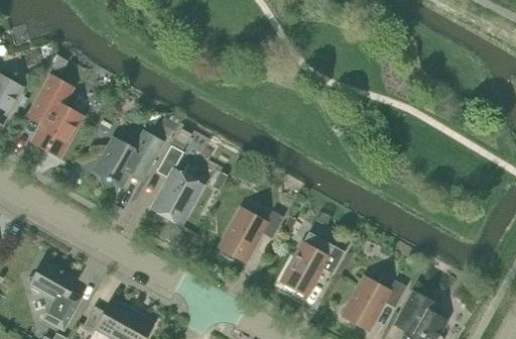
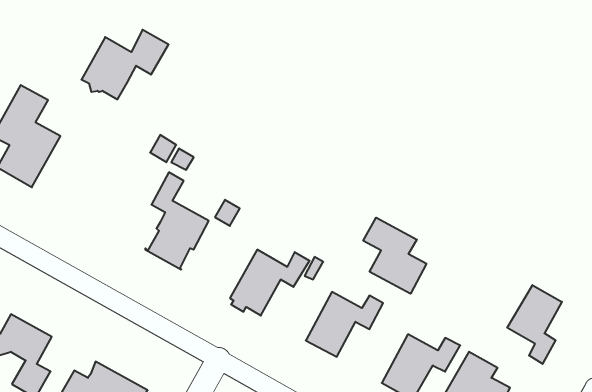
building: [93,130,163,187] -> [81,30,169,99]
building: none -> [363,218,426,294]
building: none -> [507,285,562,364]

